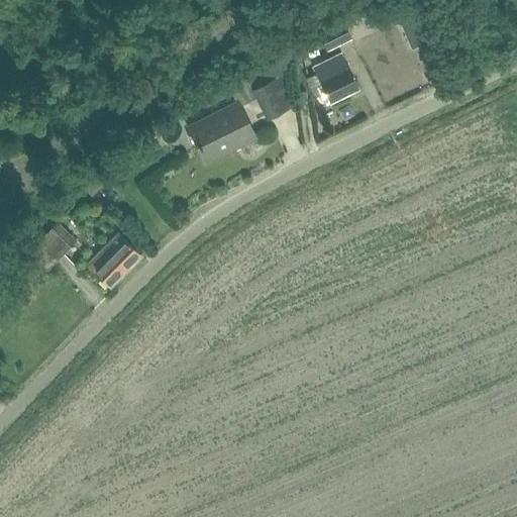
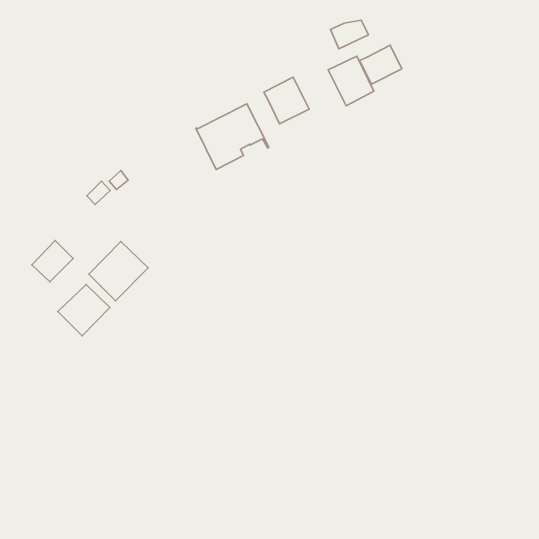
building: none -> [360,45,402,84]
building: none -> [58,284,110,336]

